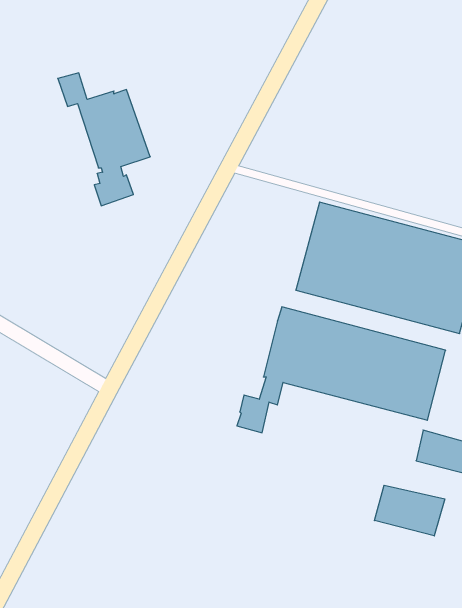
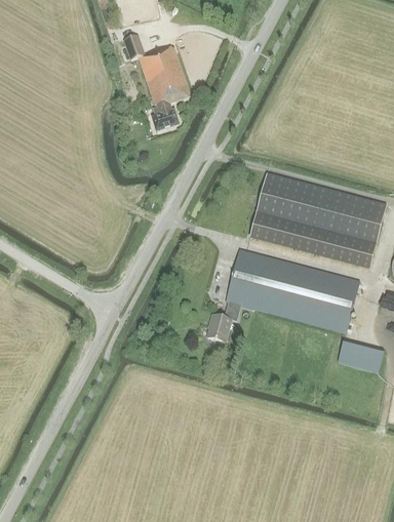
building: [58,73,150,206] -> [123,34,191,131]
building: [374,485,445,536] -> none

